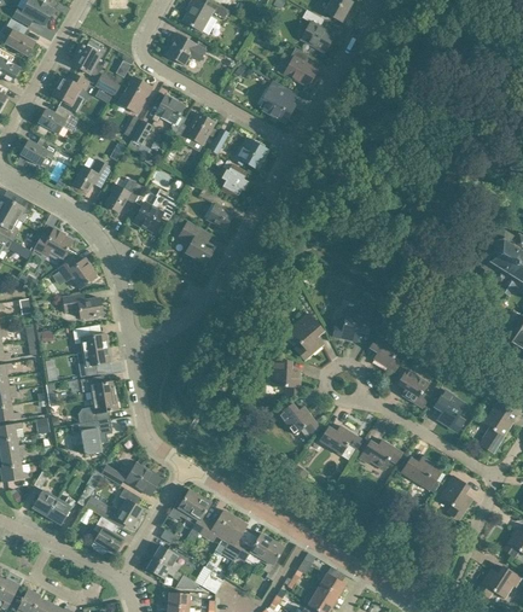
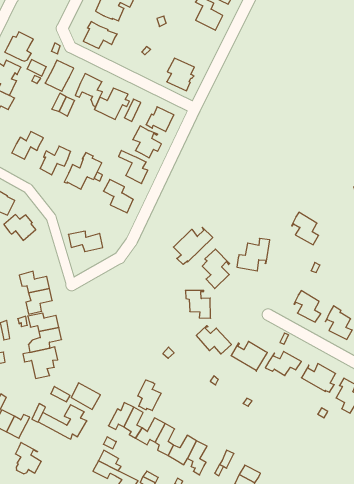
building: [285,48,314,84] -> none
building: none -> [173,227,213,264]
building: [63,293,103,317] -> [68,231,103,252]
building: [370,332,401,372] -> [292,212,319,245]
building: none -> [138,380,161,411]
building: [93,515,123,553] -> [15,442,41,474]

